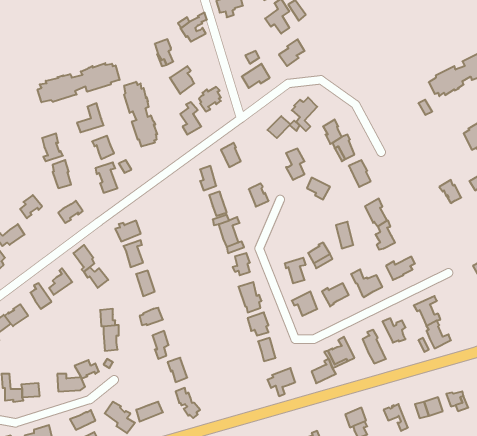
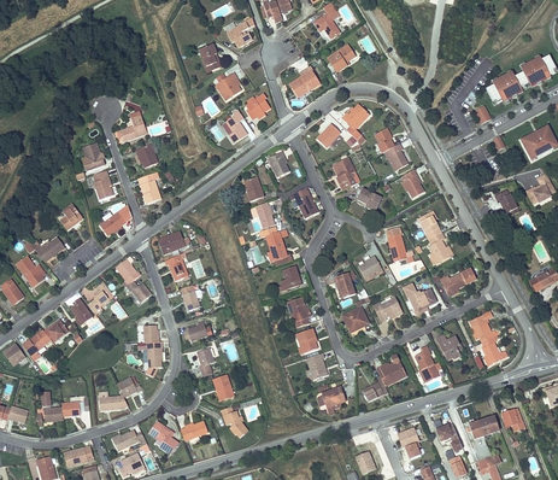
building: [38,63,120,102] -> none
building: [124,82,157,147] -> none

